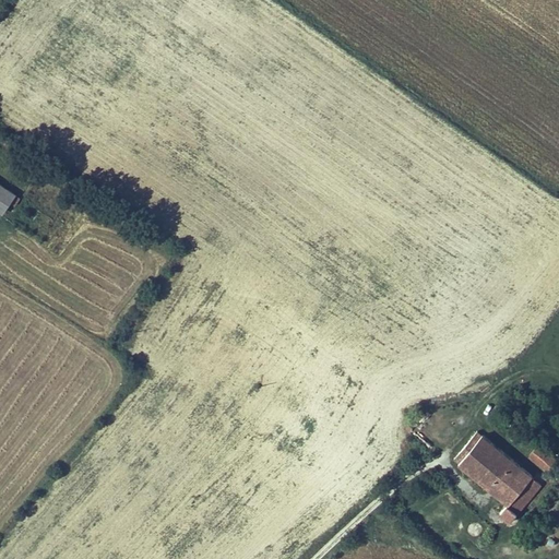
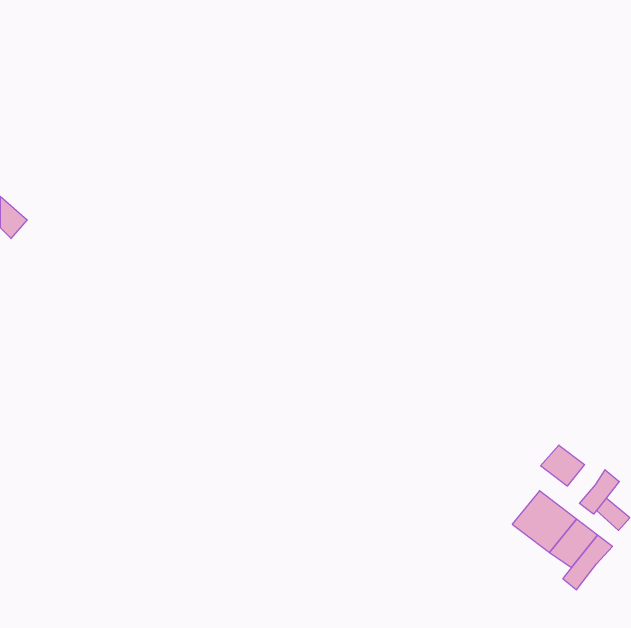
building: none -> [541,445,584,486]
building: none -> [580,470,619,514]

